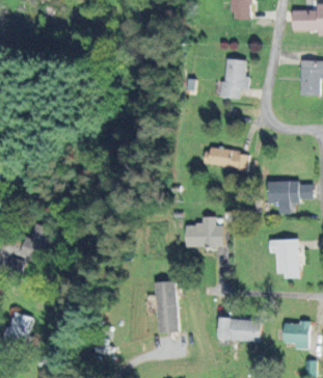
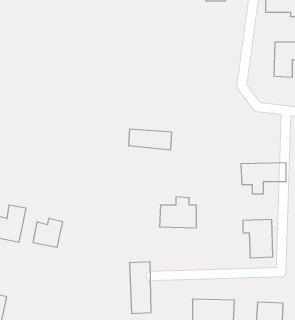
building: [222,58,249,99] -> none
building: [205,149,248,169] -> [128,129,172,150]
building: none -> [33,218,62,248]

